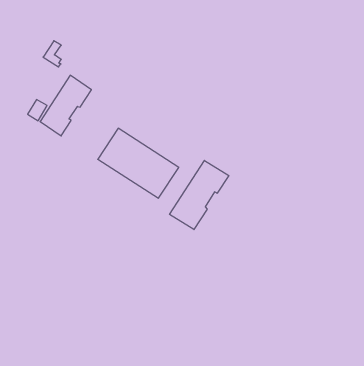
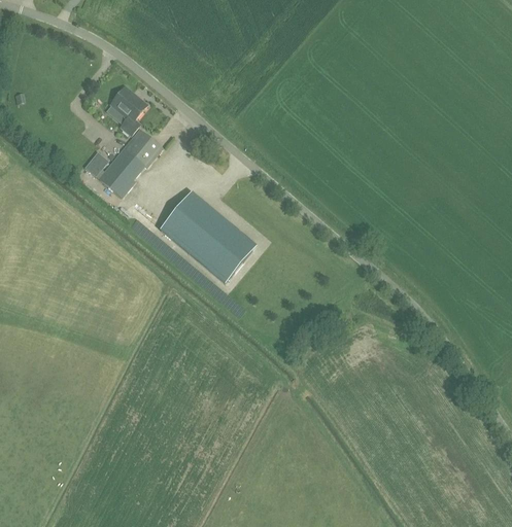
building: none -> [120,92,147,134]
building: [170,160,229,230] -> none

